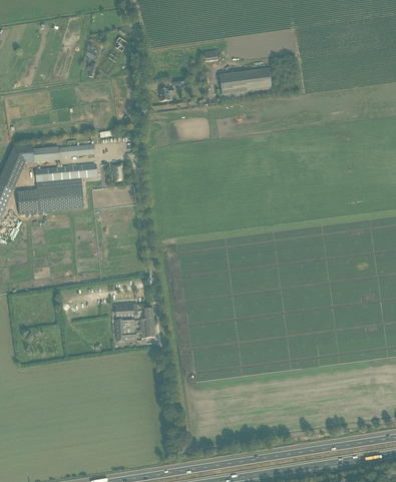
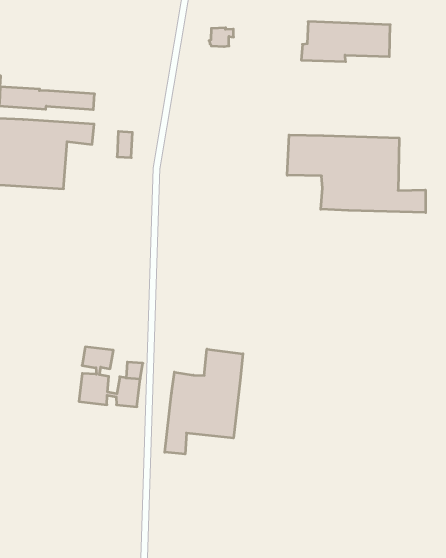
building: none -> [287,135,426,213]
building: none -> [165,349,243,454]

